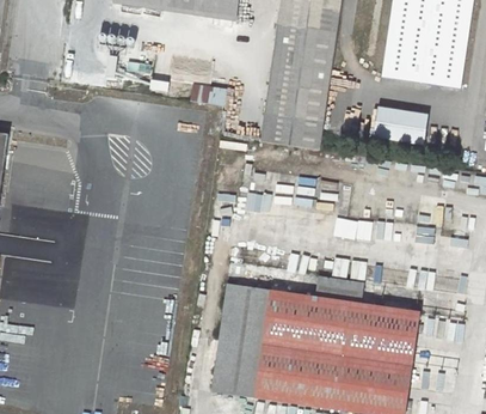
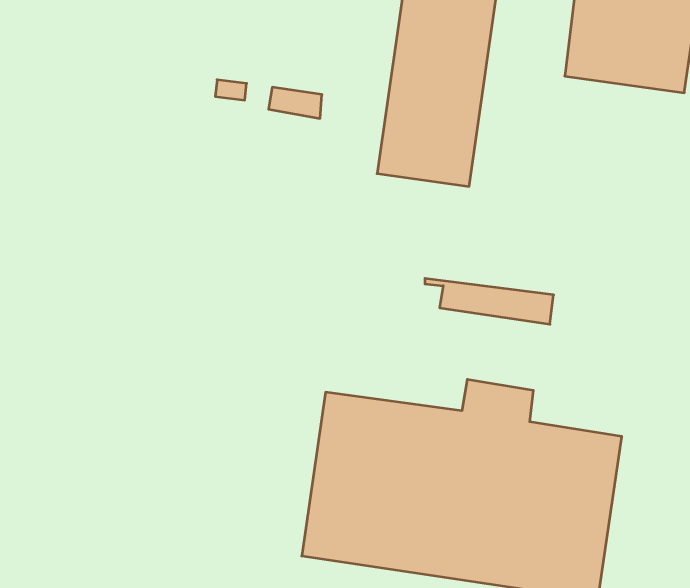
building: [376,108,433,147] -> none

